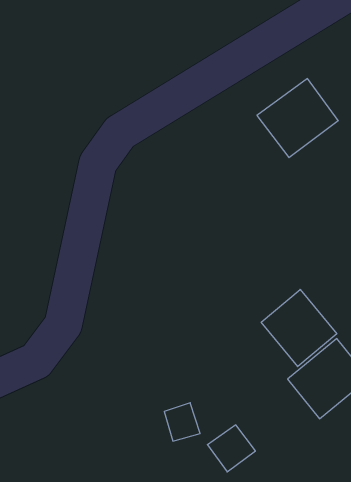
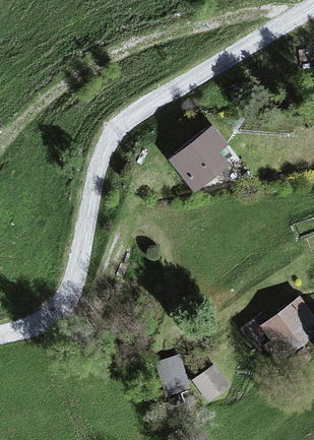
building: [257,79,338,158] -> [167,128,234,193]
building: [261,289,337,367] -> none

